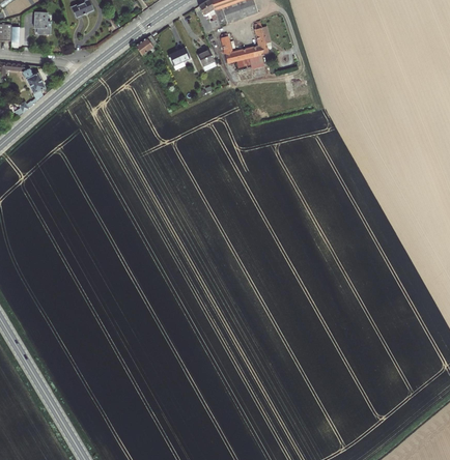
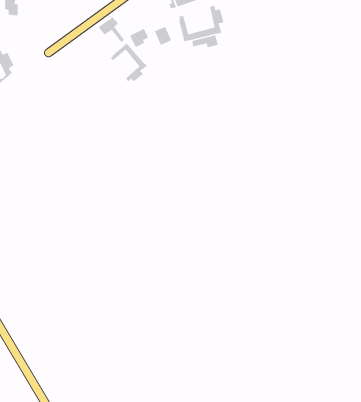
building: none -> [110,42,148,82]

